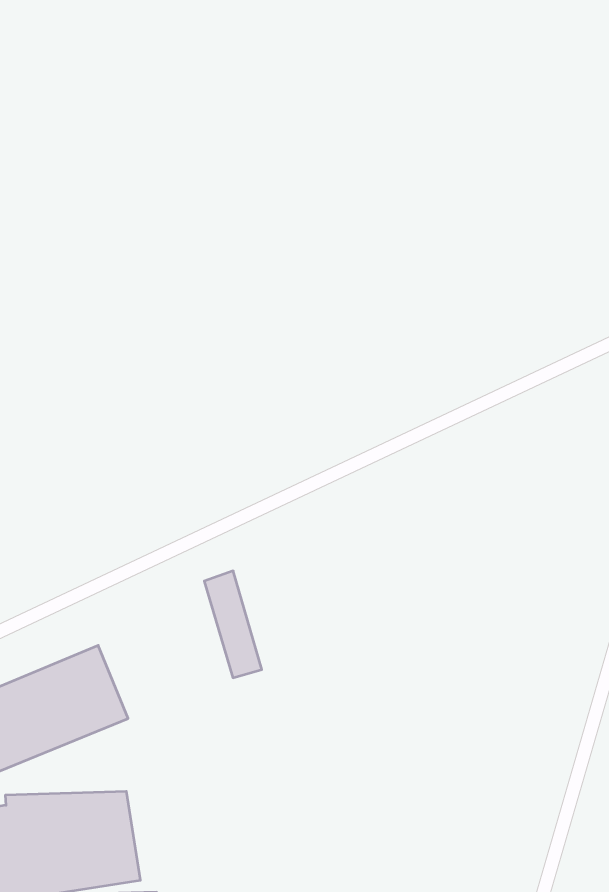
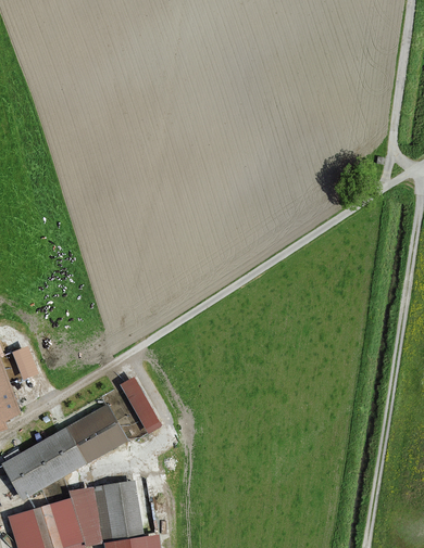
building: [204,571,262,678] -> [123,372,161,431]

